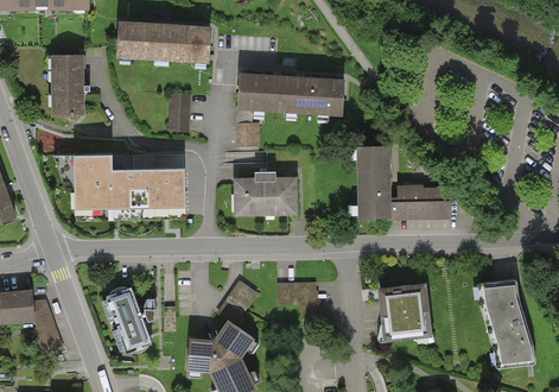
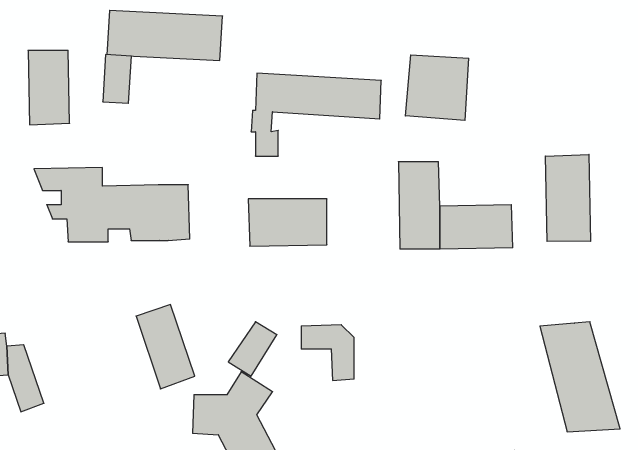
building: none -> [405,55,469,120]
building: [167,91,191,132] -> [103,55,131,103]
building: none -> [545,154,591,241]
building: [377,285,433,344] -> none
building: [106,286,154,356] -> [136,305,195,389]

